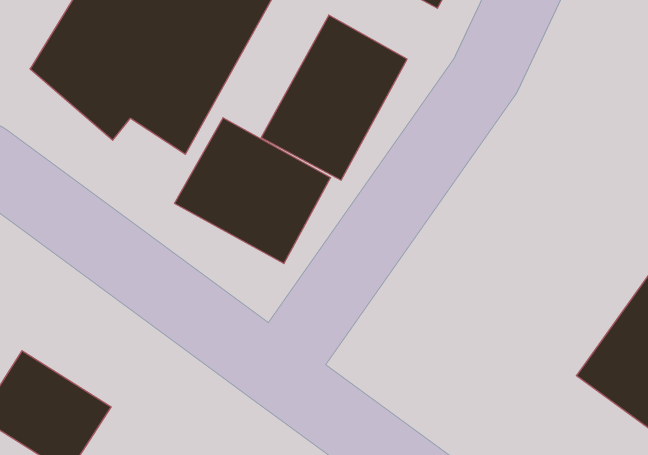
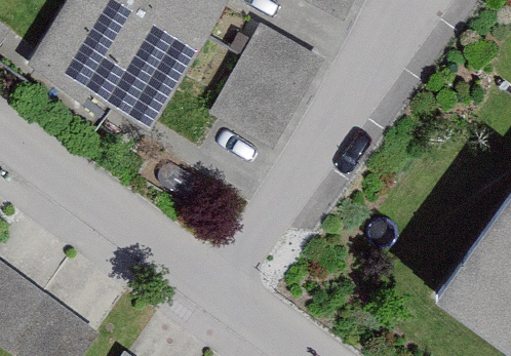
building: [175,118,331,264] -> none

